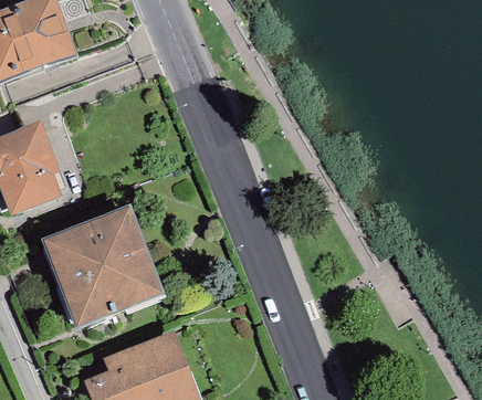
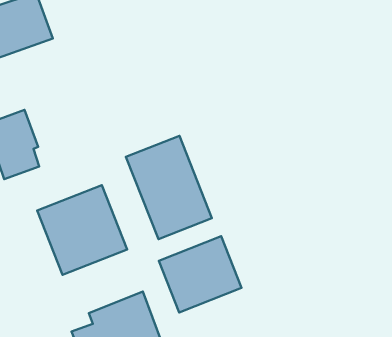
building: none -> [126,136,212,239]
building: none -> [159,236,241,312]

